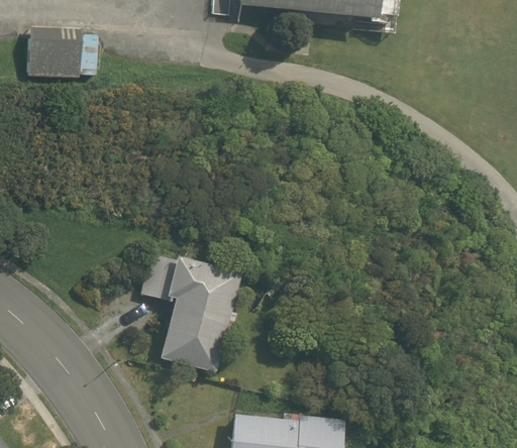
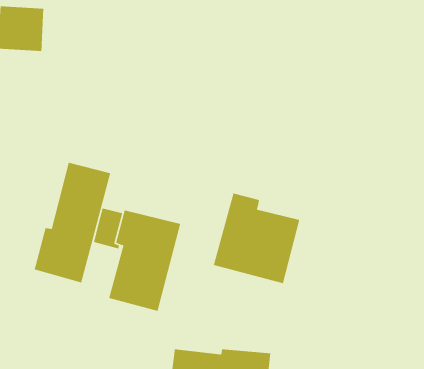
building: none -> [34,162,111,284]
building: none -> [213,192,300,284]

